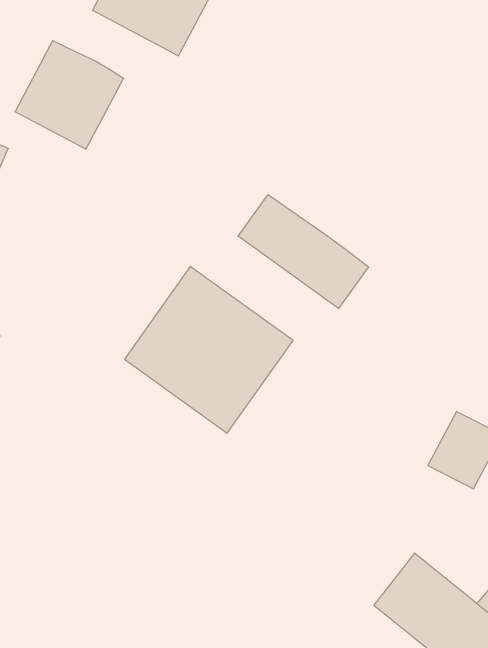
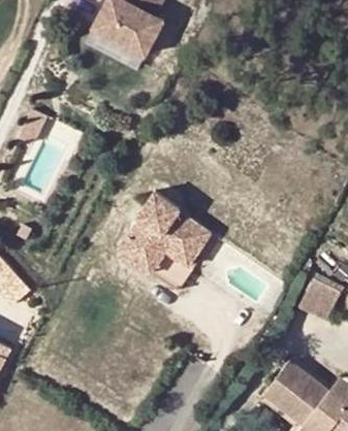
building: [15,41,124,149] -> none
building: [238,195,368,309] -> none

